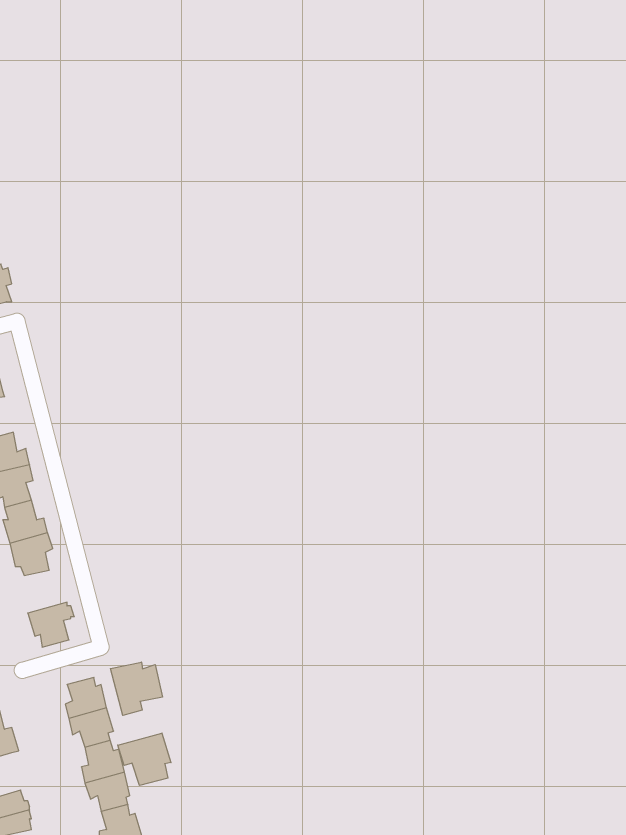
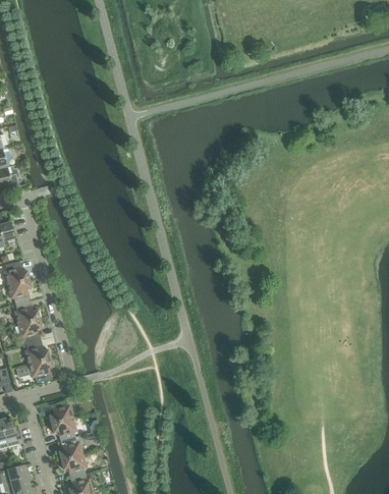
building: none -> [24,339,50,364]
building: [110,662,162,715] -> none
building: [118,733,171,785] -> none

